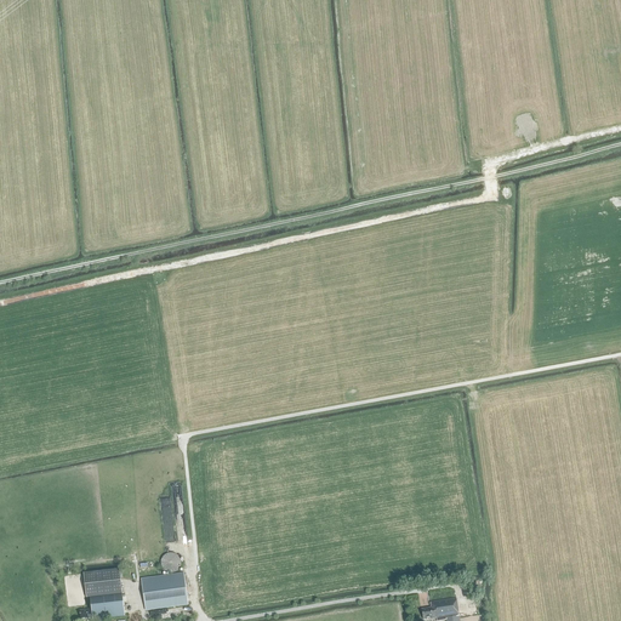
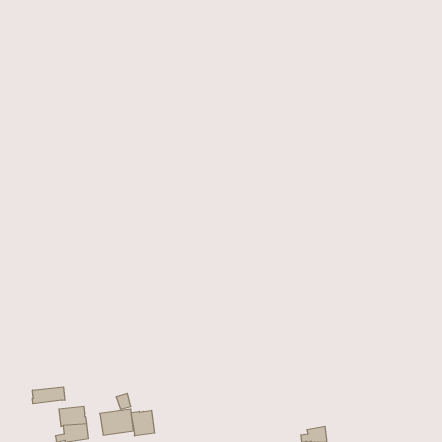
building: none -> [32,387,65,404]
building: none -> [131,410,155,436]

